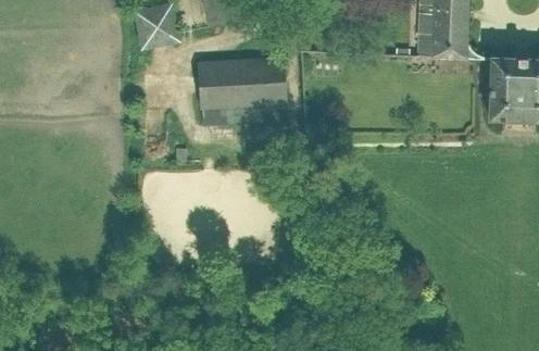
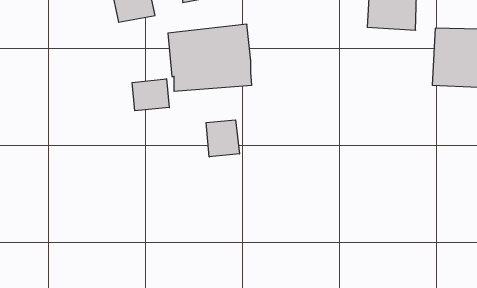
building: none -> [132,79,169,111]
building: none -> [206,120,239,157]

